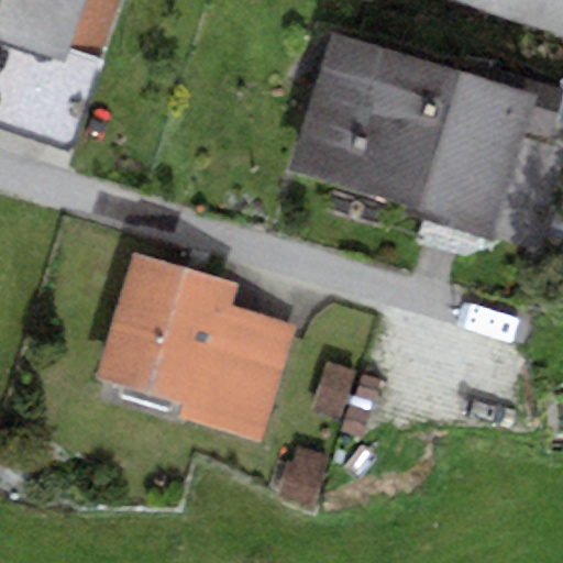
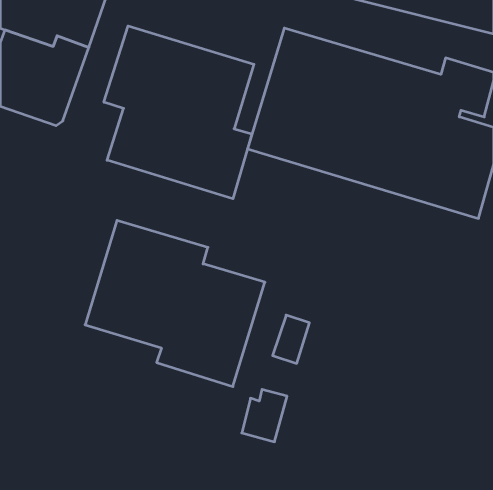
building: none -> [104,26,254,199]

